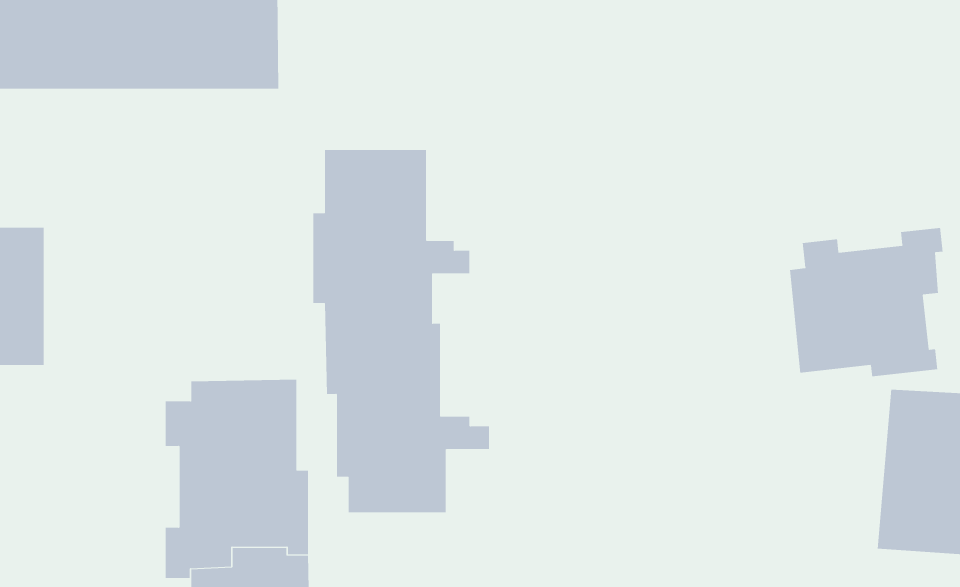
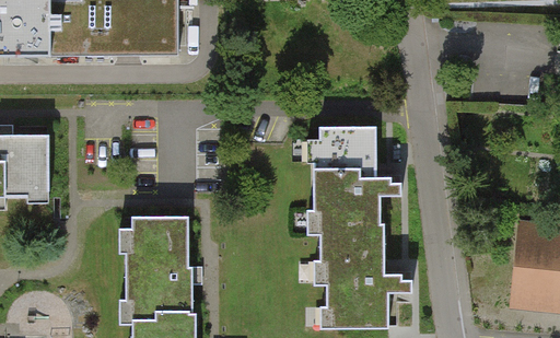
building: [312,150,490,513] -> [314,126,412,327]
building: [790,227,943,377] -> none

